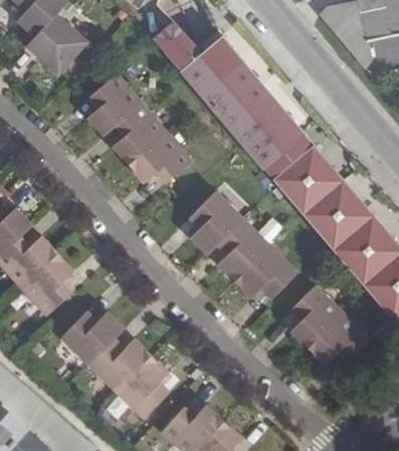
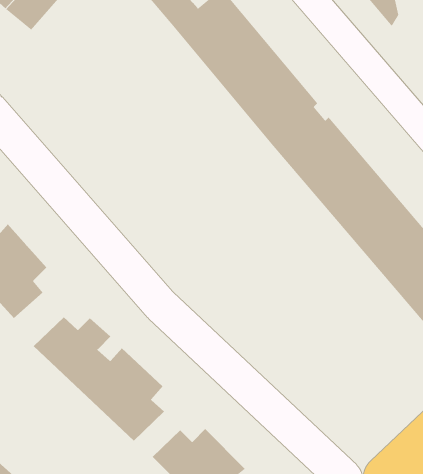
building: [83,69,187,180] -> none
building: [190,193,295,298] -> none
building: [289,284,370,363] -> none

